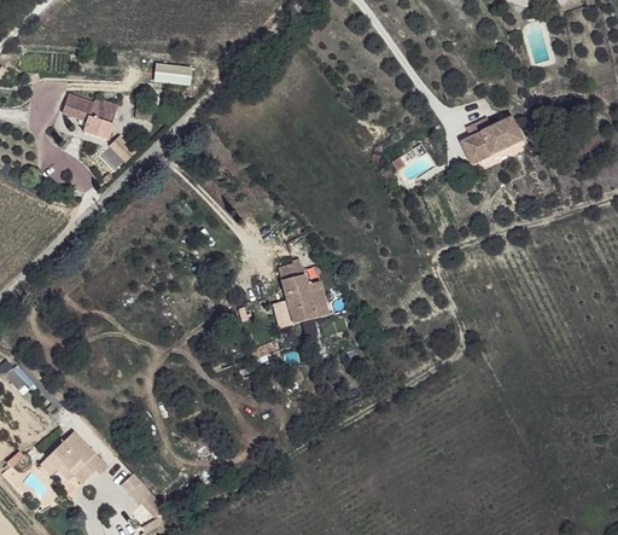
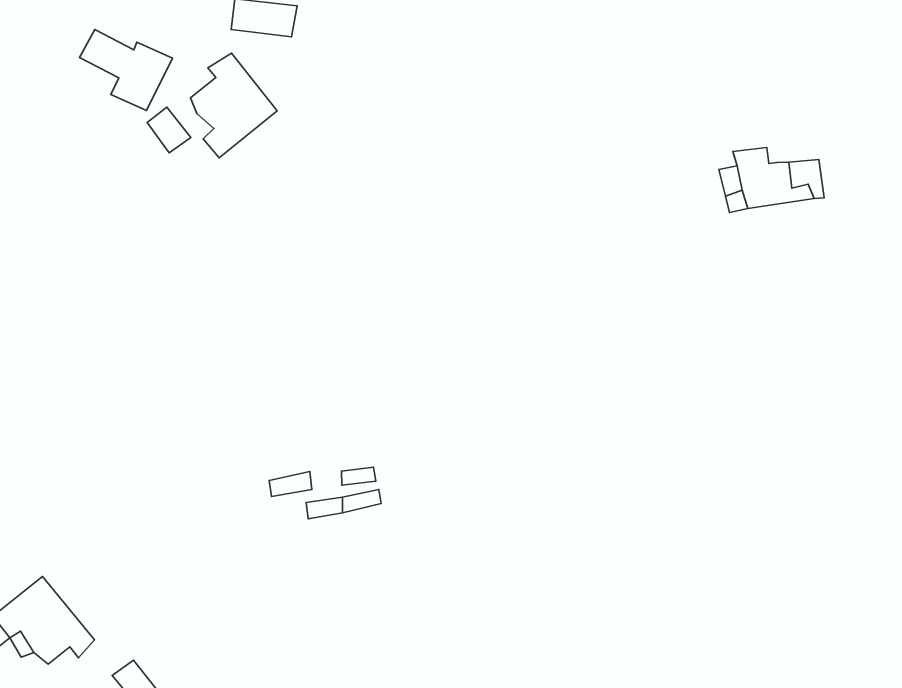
building: none -> [190,53,277,158]
building: [274,262,327,322] -> none

